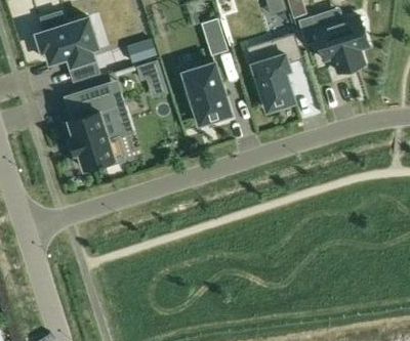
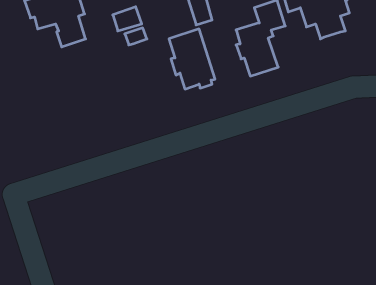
building: [68,82,125,168] -> none

